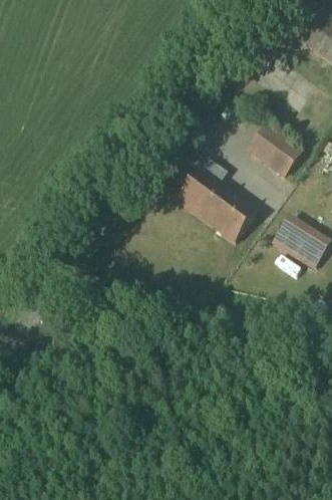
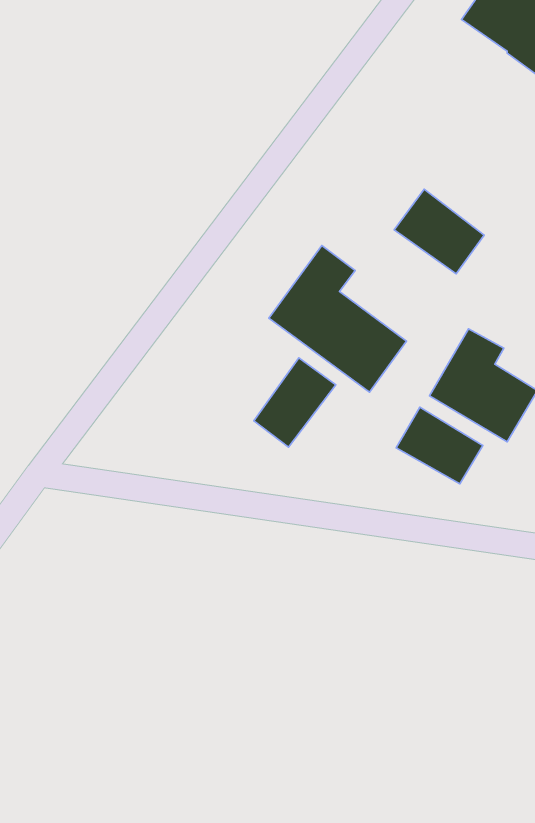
building: none -> [254,358,336,447]
building: none -> [396,407,483,484]

